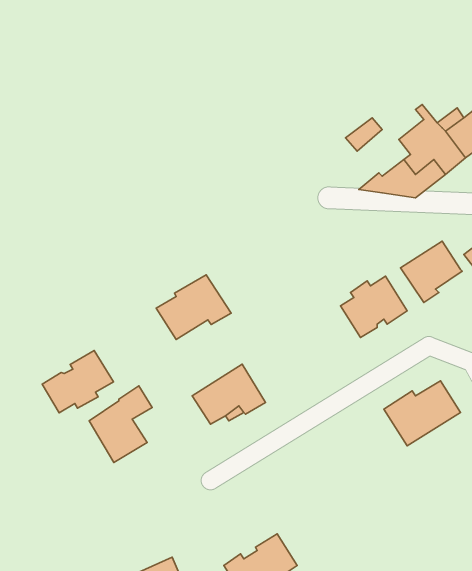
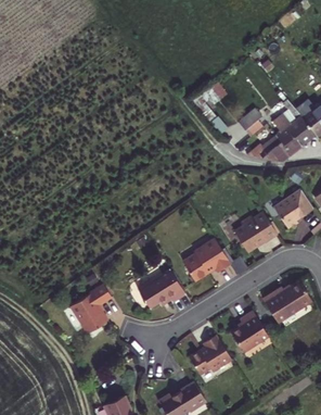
building: [156,275,231,340] -> [181,239,230,281]
building: [42,351,113,413] -> none
building: none -> [229,312,268,352]
building: none -> [188,335,231,375]

